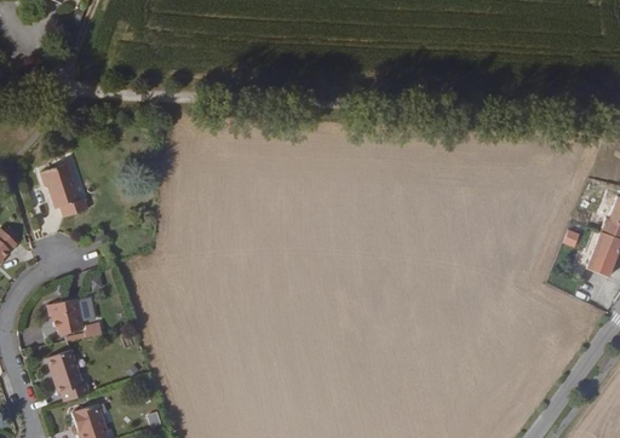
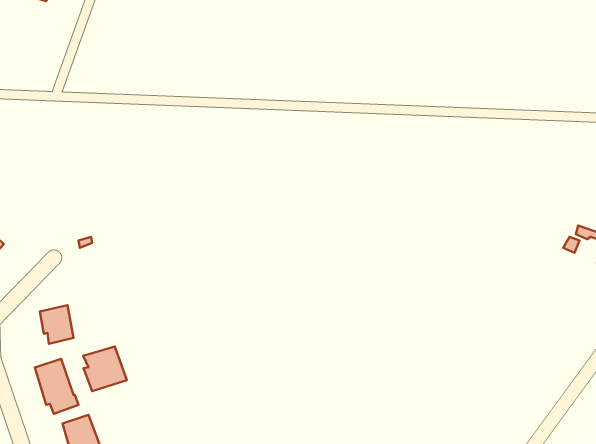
building: [39,159,88,213] -> none
building: none -> [83,346,127,391]

